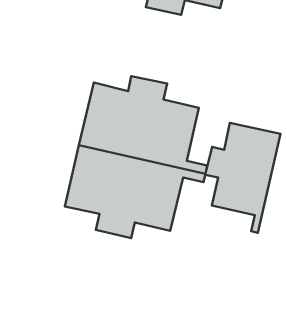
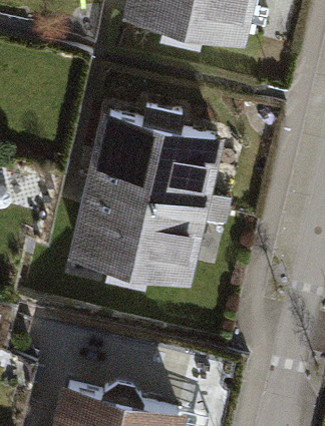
building: [205,123,280,233] -> none

